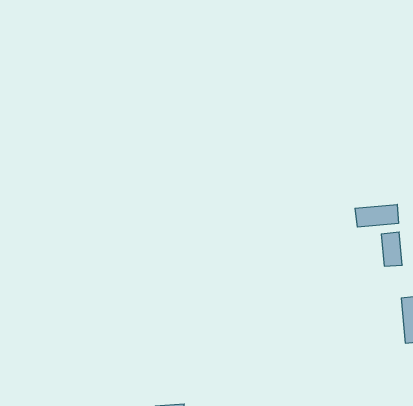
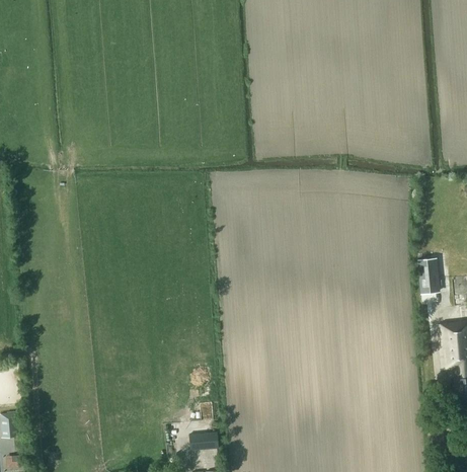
building: [355,204,398,227] -> none

